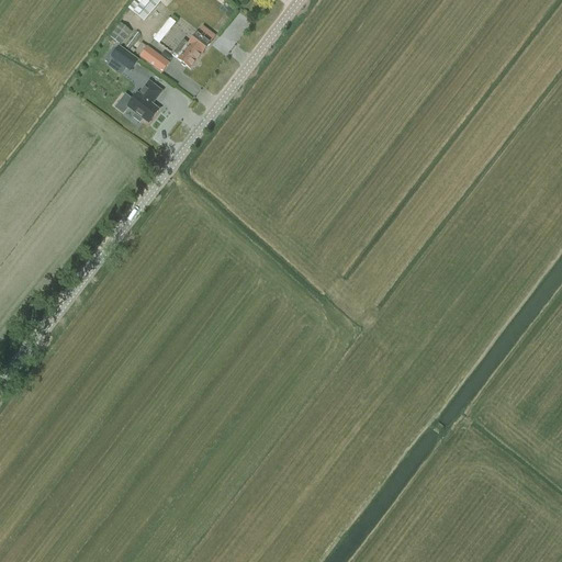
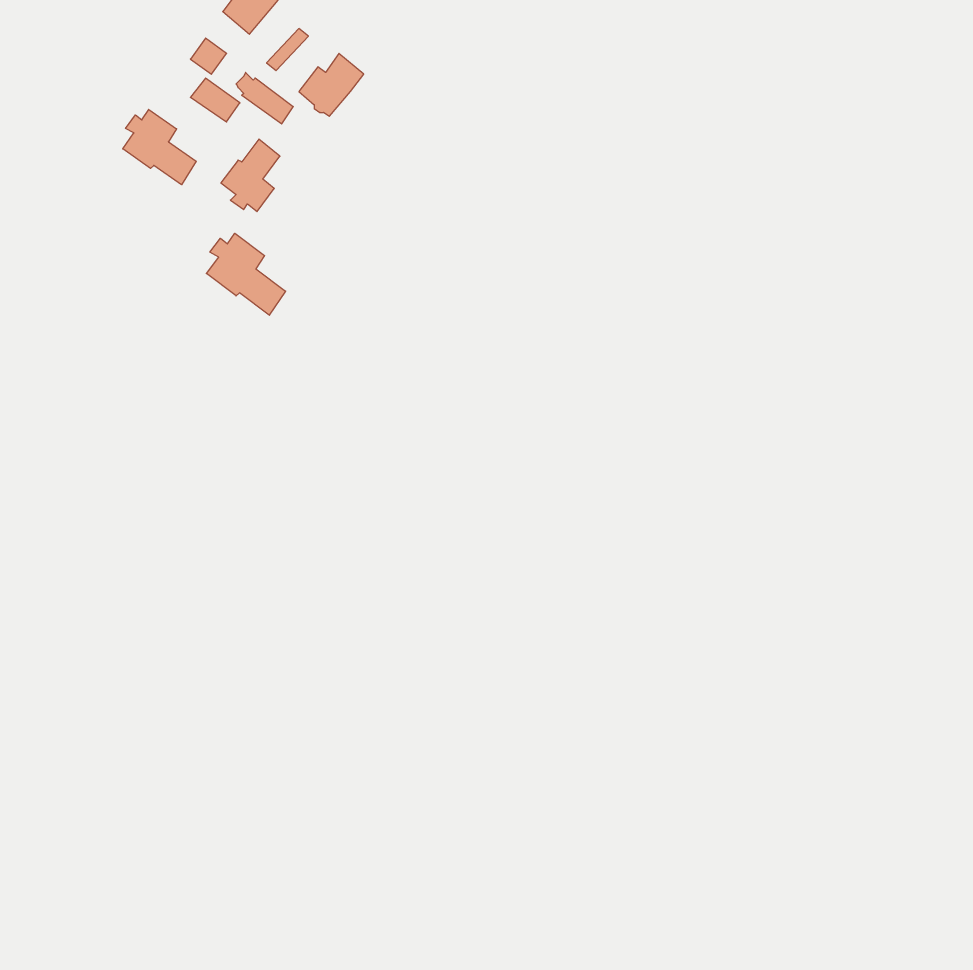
building: none -> [123,109,196,185]
building: none -> [206,233,286,315]

